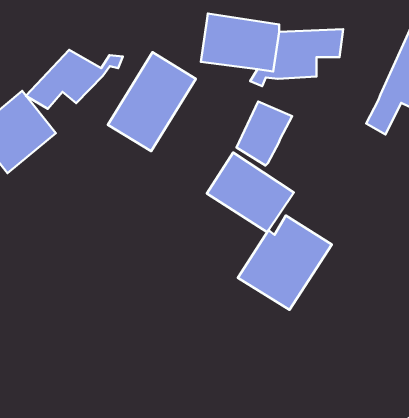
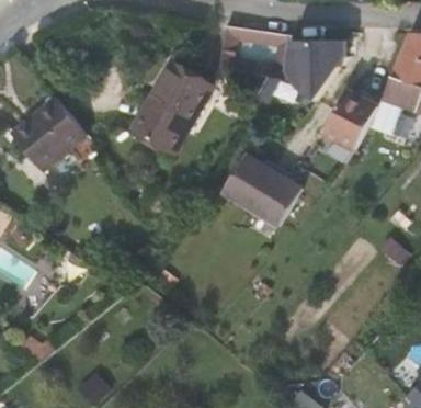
building: [26,50,123,109] -> none
building: [237,102,292,166] -> [329,92,379,150]
building: [238,216,332,310] -> none

